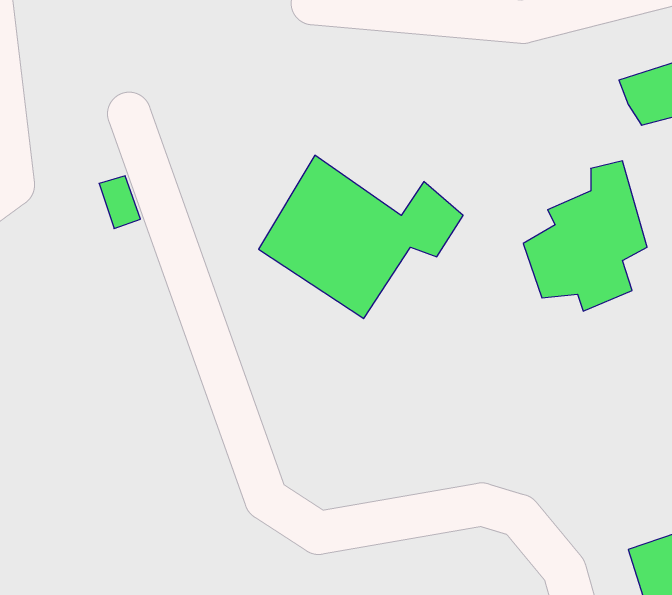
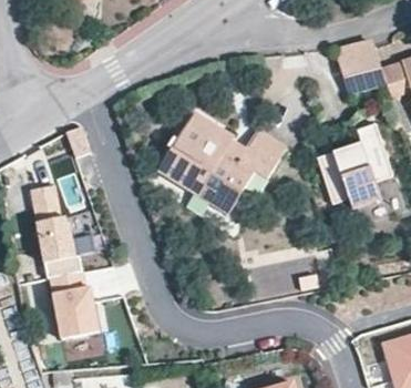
building: none -> [339,53,381,94]
building: none -> [34,185,72,267]
building: none -> [50,268,105,341]

